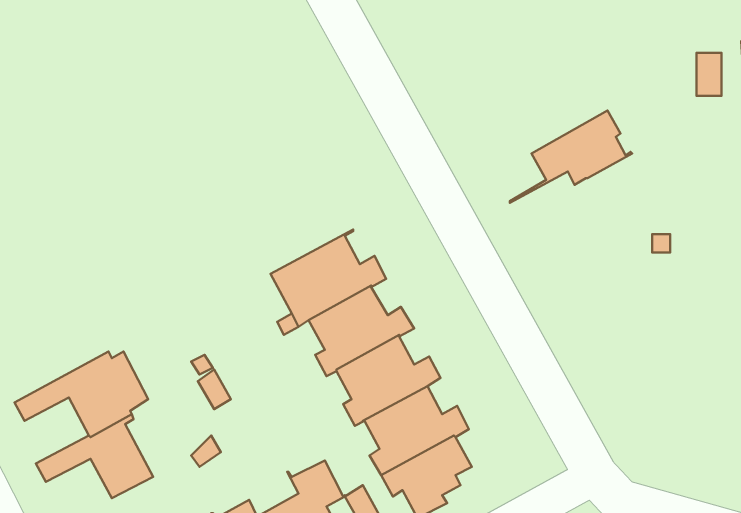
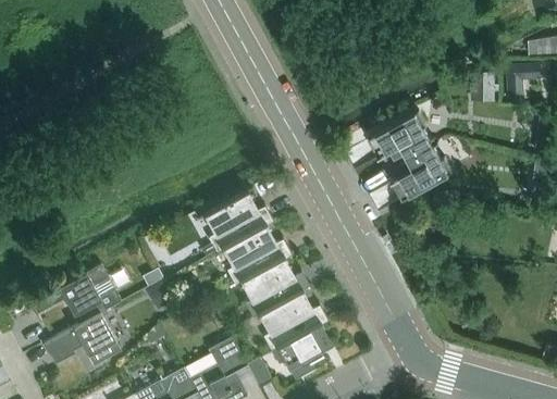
building: none -> [368,146,454,215]

